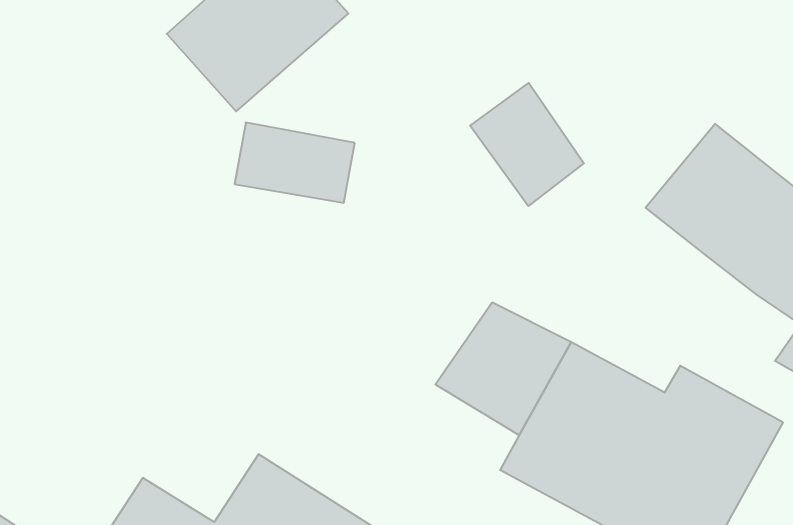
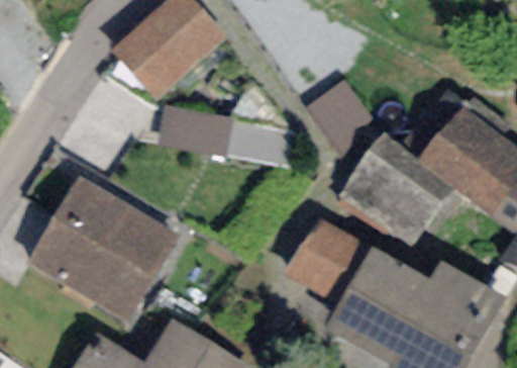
building: none -> [338,132,456,244]
building: none -> [26,174,180,320]

